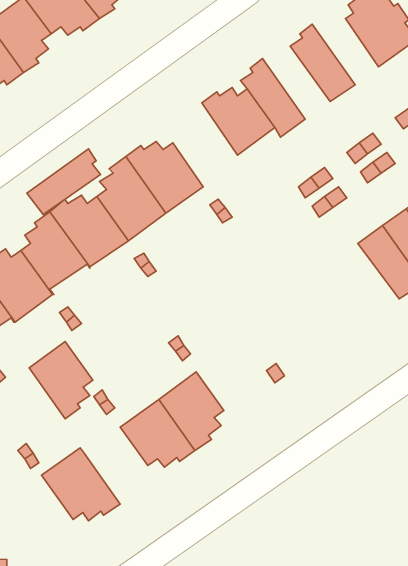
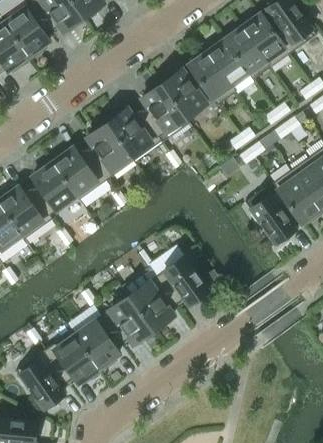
building: none -> [239,14,287,68]
building: none -> [203,40,252,93]
building: none -> [138,81,185,142]
building: [27,149,100,215] -> none
building: none -> [244,183,302,246]
building: [29,342,93,419] -> [74,316,120,372]
building: none -> [155,256,209,306]
building: none -> [18,351,66,411]

